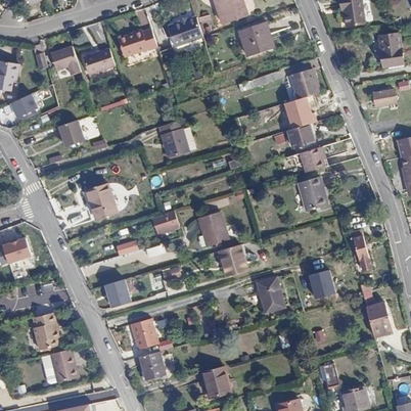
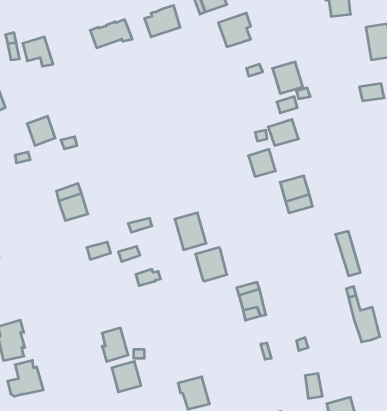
building: [85,49,117,76] -> none
building: [159,121,195,157] -> none
building: [300,147,325,173] -> [248,149,276,176]
building: [308,268,336,298] -> none
building: [104,277,132,307] -> none

